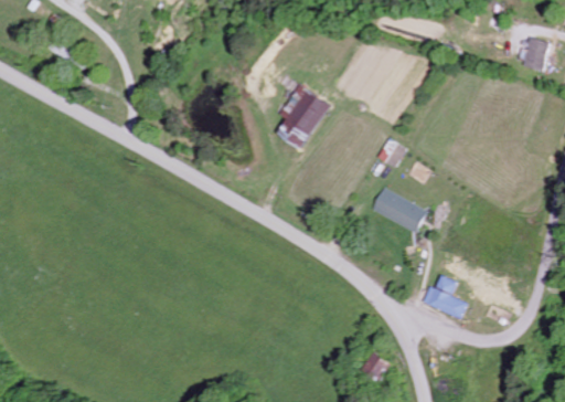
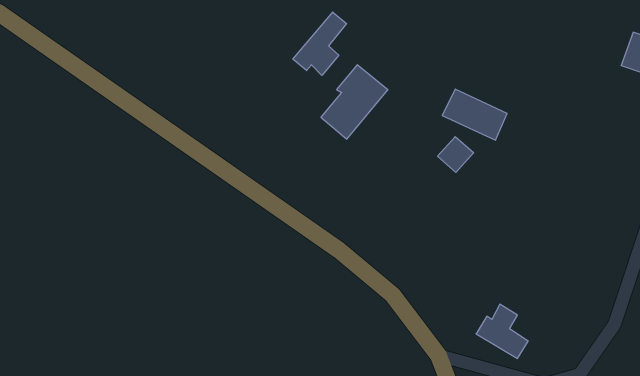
building: none -> [293,12,347,75]
building: [373,190,427,230] -> [442,89,507,140]

